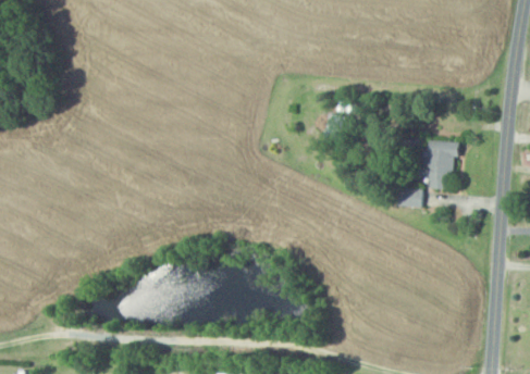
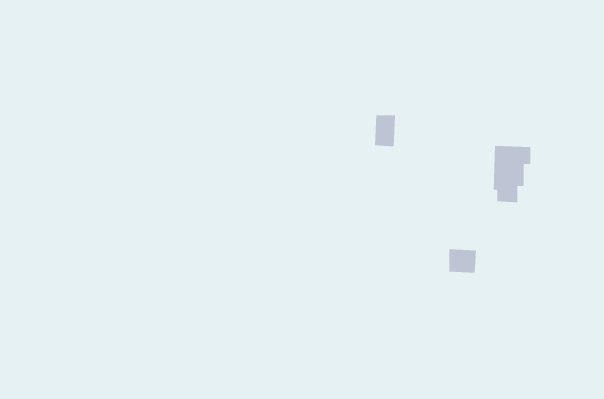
building: [397,187,421,208] -> [449,249,477,273]

